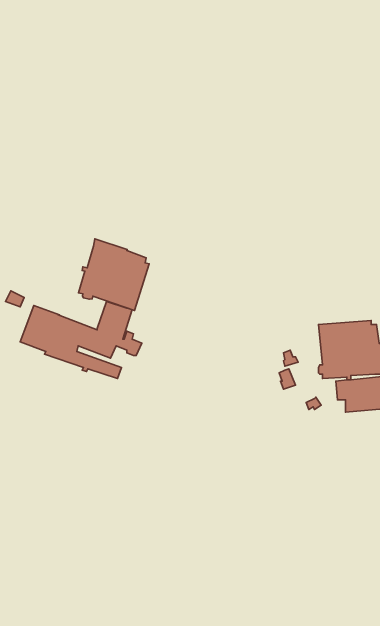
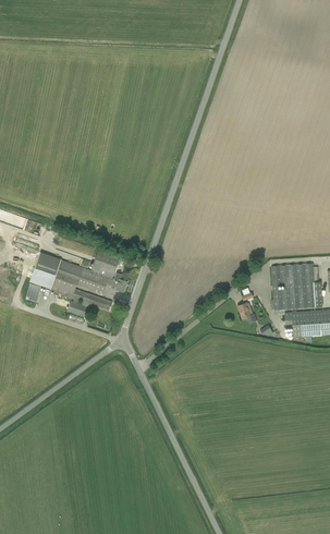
building: [79,239,149,310] -> none

